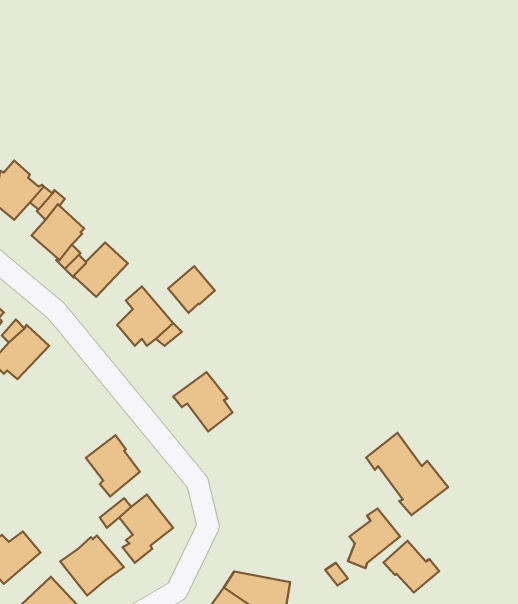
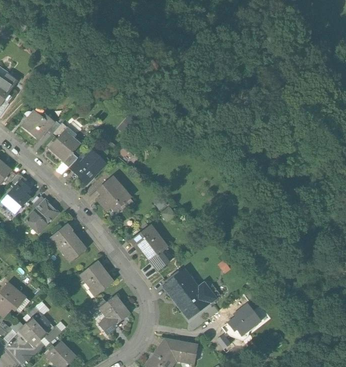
building: [168,266,215,313] -> none
building: none -> [50,223,86,257]
building: [366,433,448,515] -> [163,271,210,318]
building: [60,535,124,595] -> none
building: [383,541,439,592] -> none

